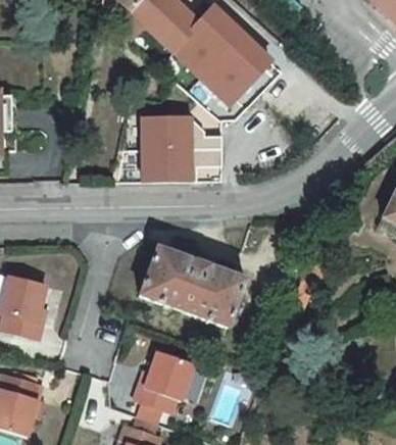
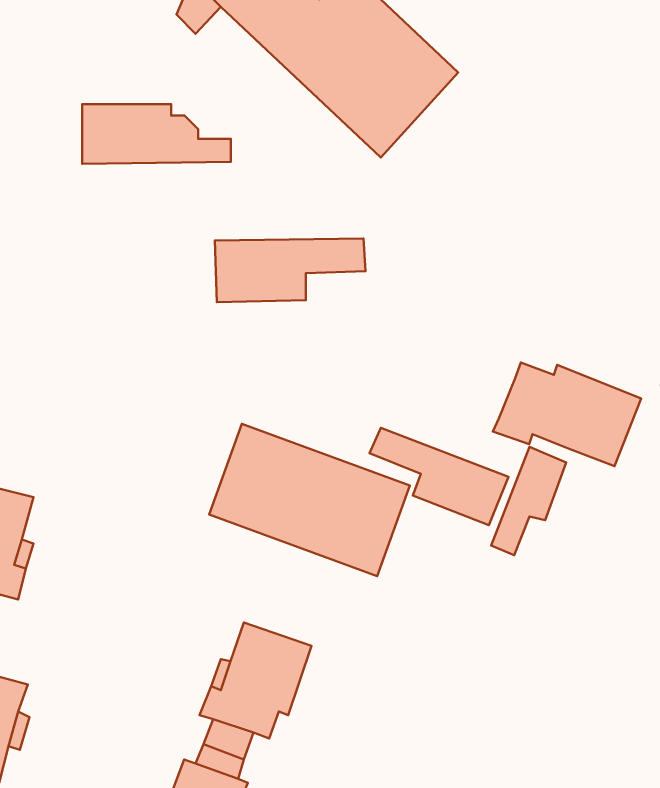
building: [142,117,220,149] -> [82,104,231,164]
building: none -> [493,362,641,466]
building: none -> [370,428,509,525]

